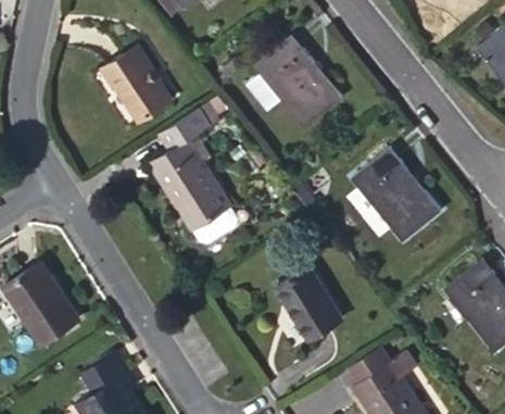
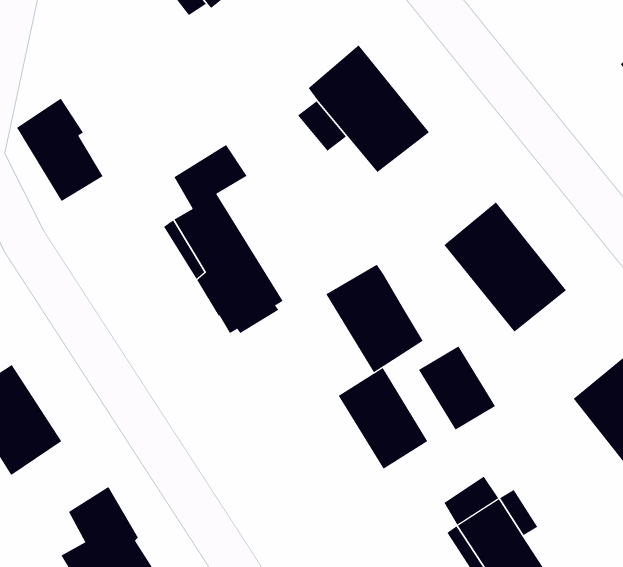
building: [105,47,168,122] -> [16,98,103,202]
building: none -> [325,264,423,373]
building: none -> [418,346,496,431]

